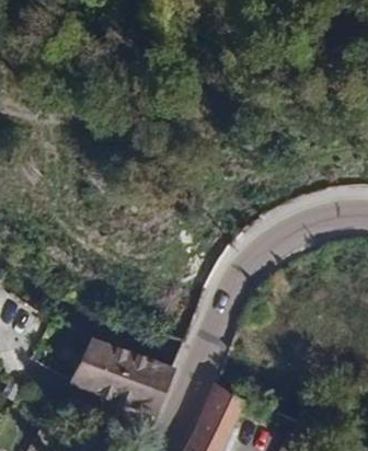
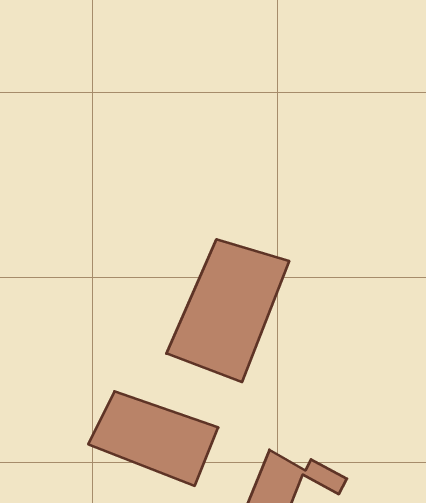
building: none -> [166,239,289,382]

